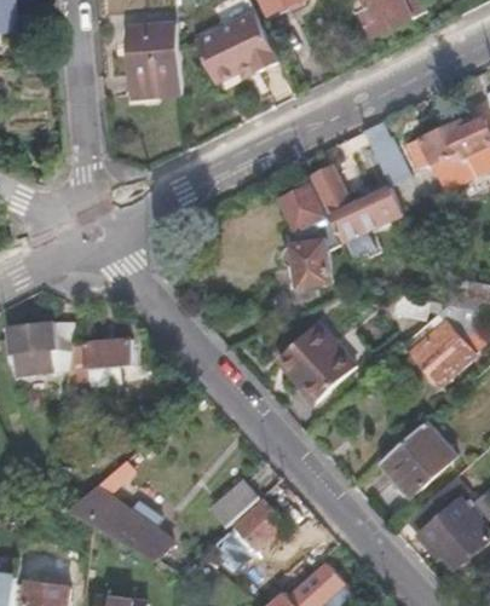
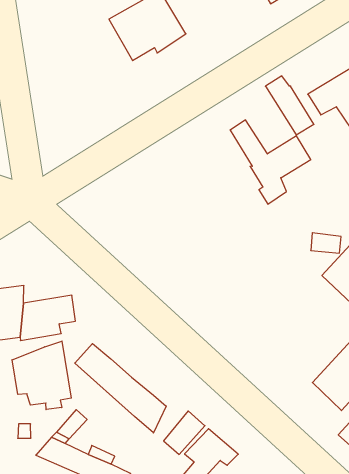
building: [127,22,183,97] -> none
building: [278,183,341,284] -> none
building: [276,327,354,404] -> none
building: none -> [12,341,71,410]
building: none -> [75,344,166,433]

